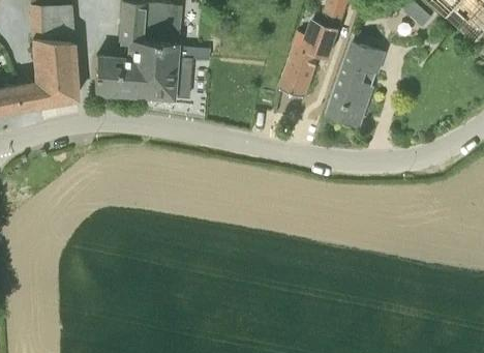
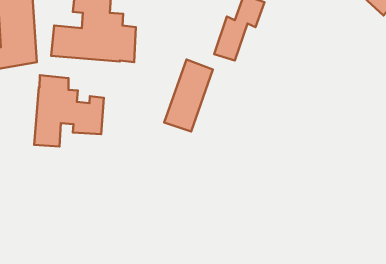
building: [328,42,384,125] -> [164,59,213,131]
building: none -> [34,75,104,147]

